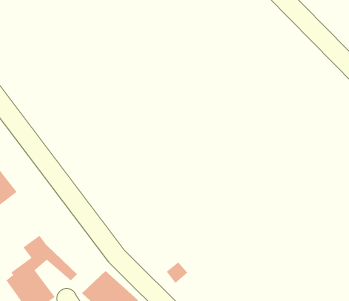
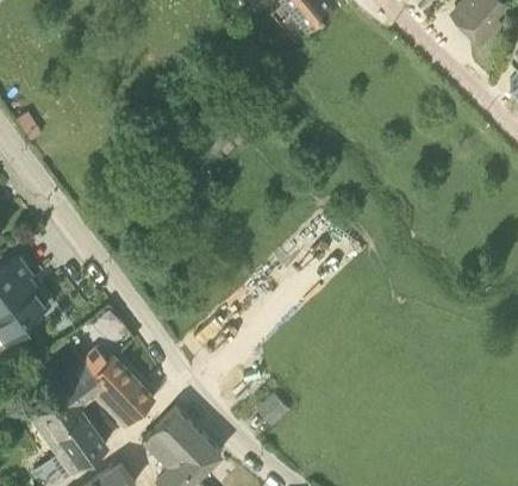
building: none -> [85,351,154,417]

